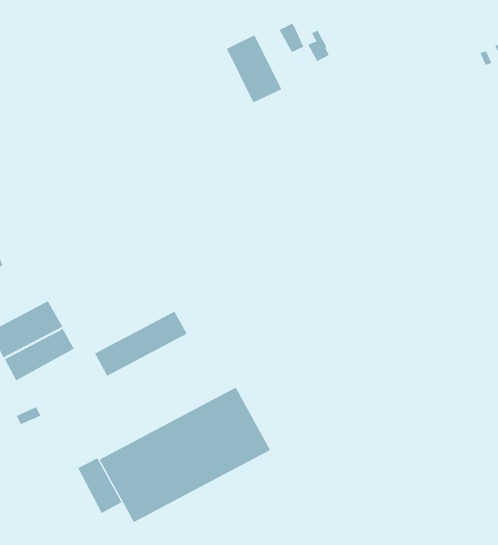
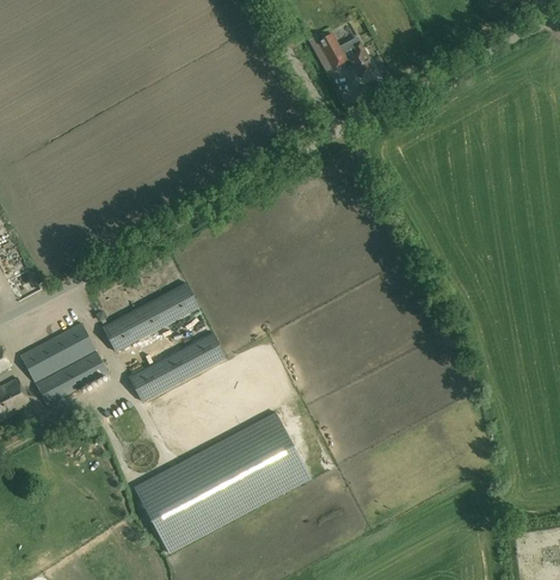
building: [226,35,282,103] -> none
building: none -> [101,283,198,351]
building: [77,457,122,514] -> none

